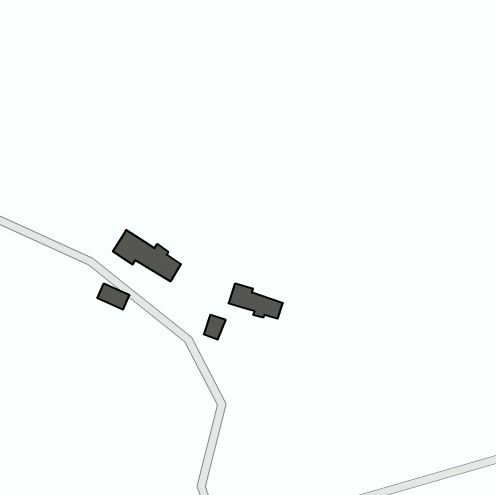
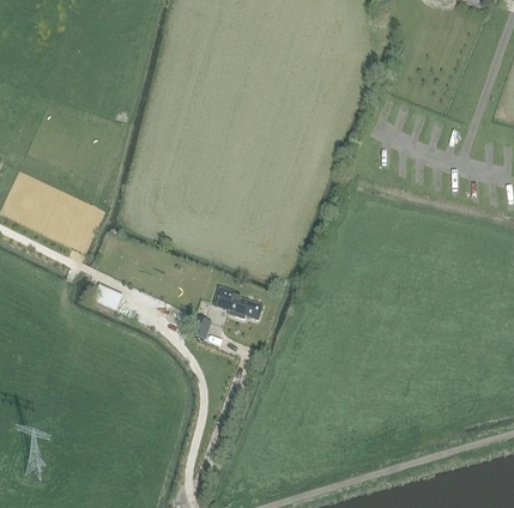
building: [113,230,181,281] -> none

